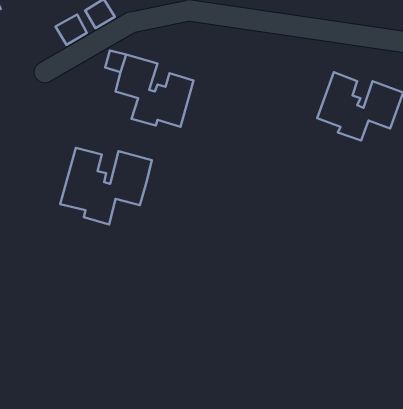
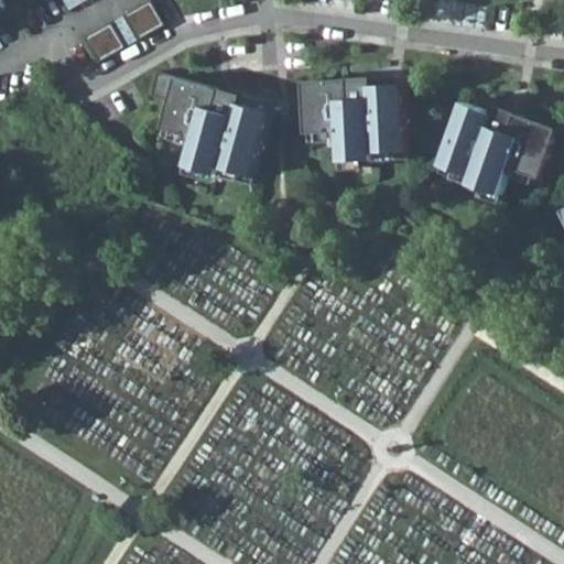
building: none -> [300,79,402,161]
building: [60,148,152,224] -> none

